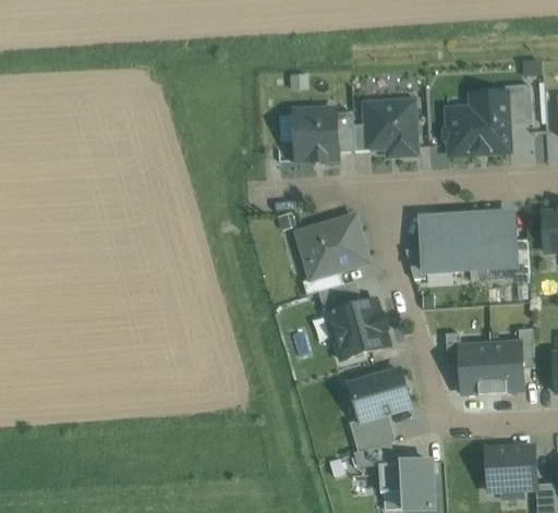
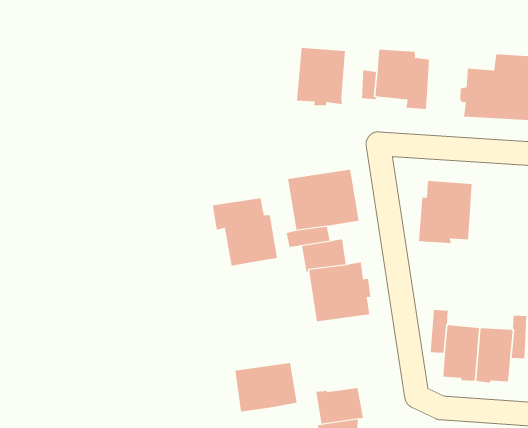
building: [335,111,354,150] -> none
building: [465,210,514,268] -> none
building: none -> [212,198,277,267]
building: [349,368,410,419] -> [235,362,298,412]

